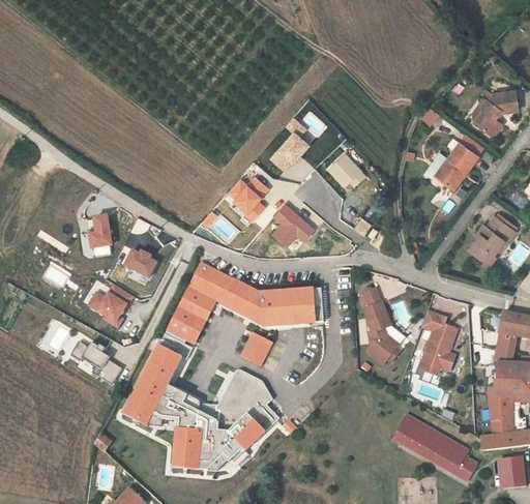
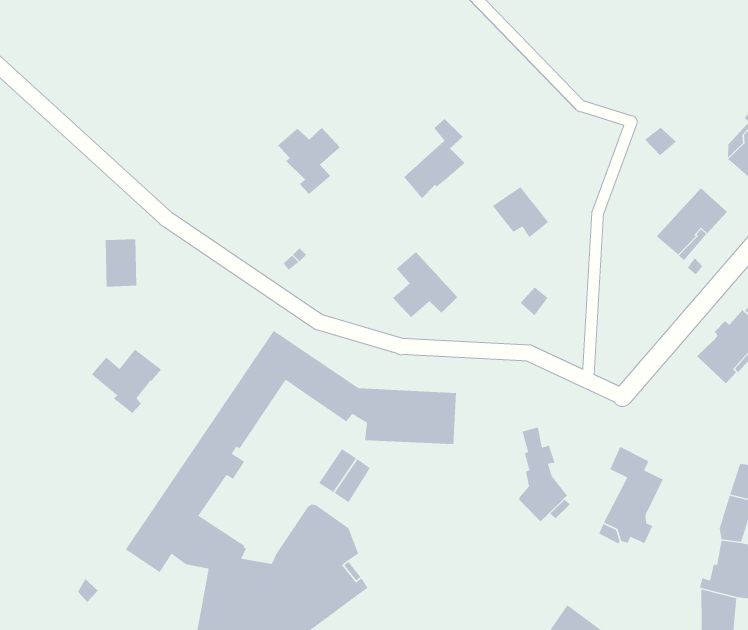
building: [227,176,267,219] -> [277,127,341,195]
building: [124,249,156,277] -> none
building: [362,287,405,346] -> none
building: [70,340,123,383] -> none

